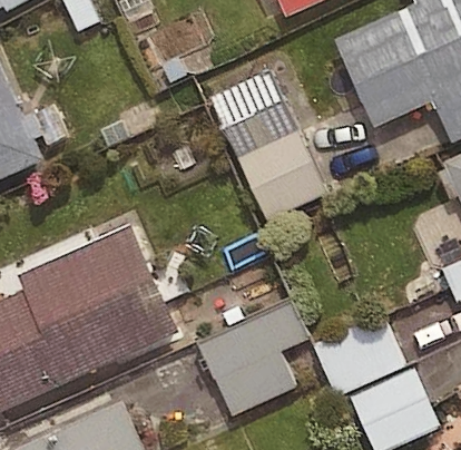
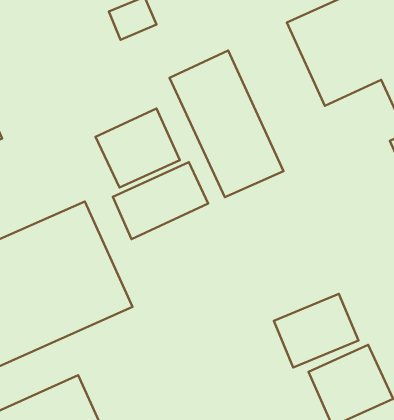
building: none -> [96,109,180,188]
building: none -> [113,162,208,239]
building: [204,304,310,415] -> none

